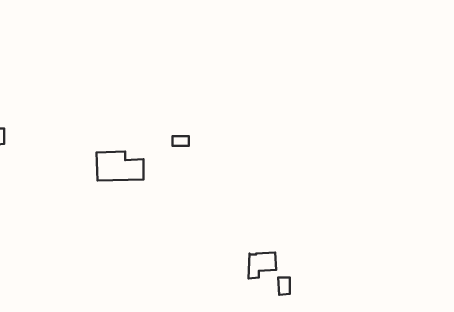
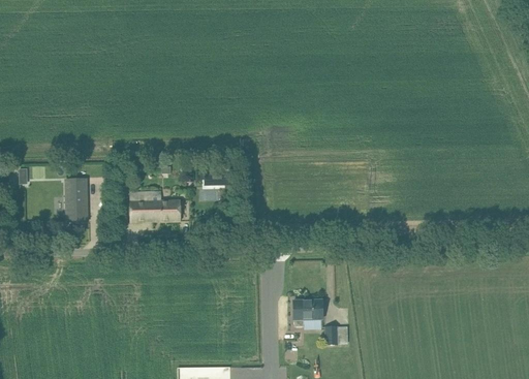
building: none -> [65,180,87,221]

